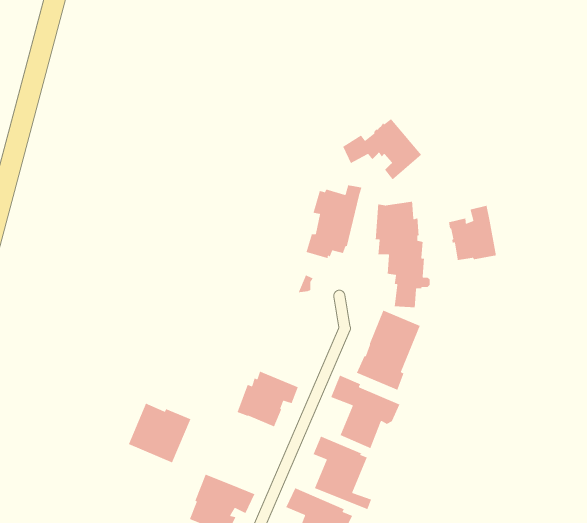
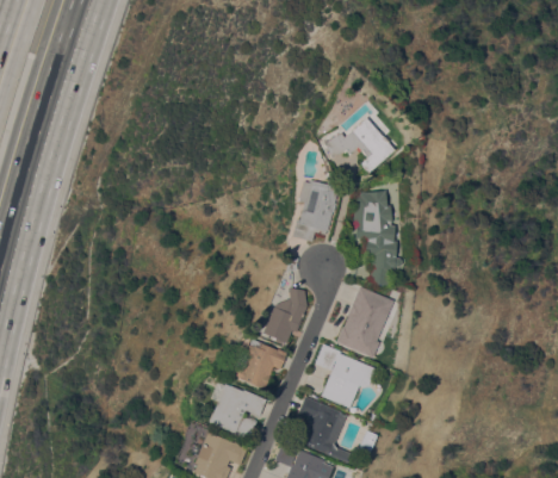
building: [448,205,497,261] -> none
building: none -> [262,287,308,342]
building: [128,403,192,464] -> [210,384,266,437]

